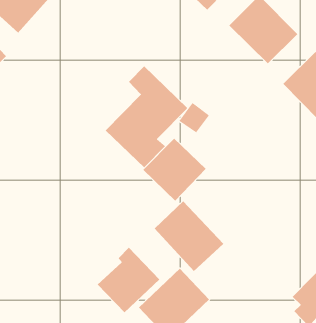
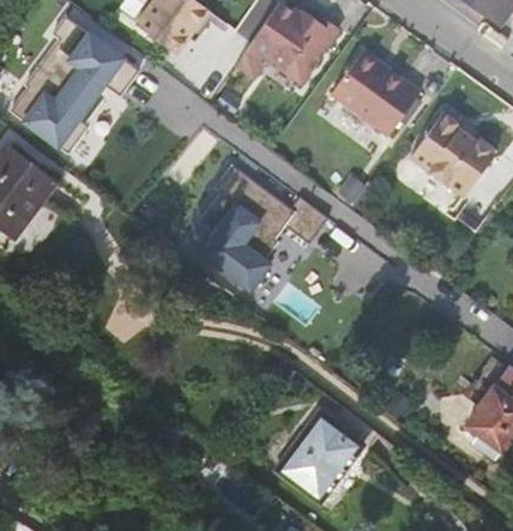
building: [143,138,206,202] -> none
building: [154,200,224,272] -> none
building: [97,247,160,313] -> none

